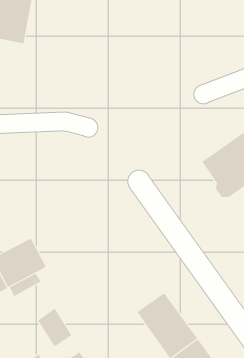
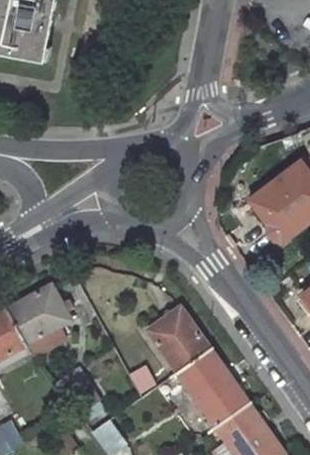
building: none -> [146,308,208,373]

